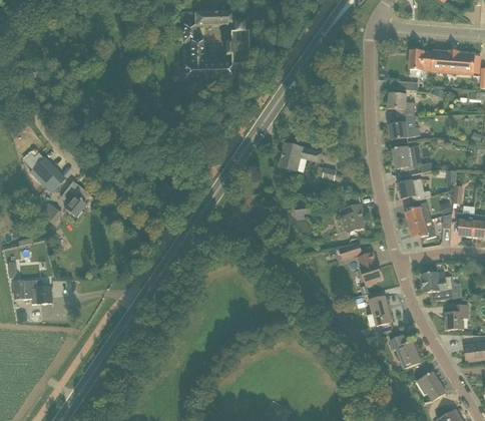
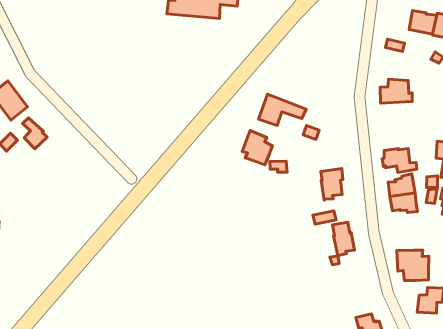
building: [388,92,414,116] -> none
building: [392,145,422,176] -> none
building: none -> [242,130,272,165]
building: [366,296,391,326] -> none

